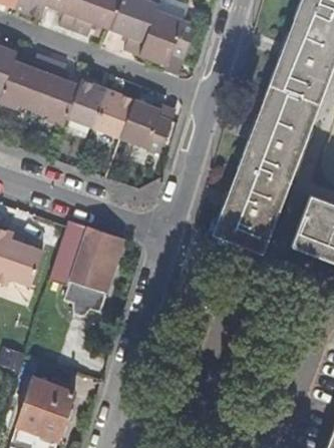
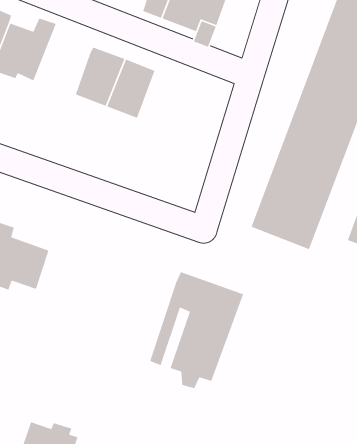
building: [32,62,78,125] -> none
building: [118,101,170,156] -> none
building: [50,215,129,314] -> [149,271,244,389]

